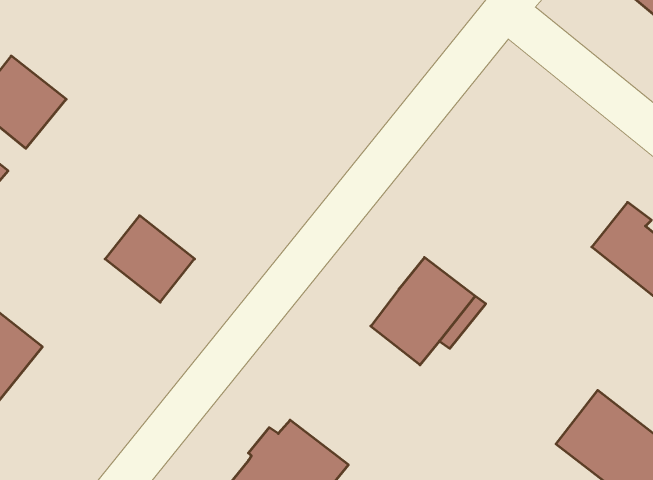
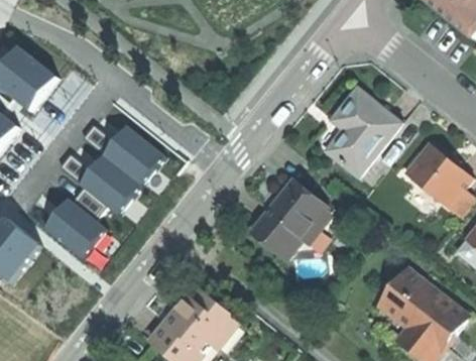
building: none -> [326,89,400,176]
building: none -> [99,123,159,182]
building: none -> [41,197,102,255]

